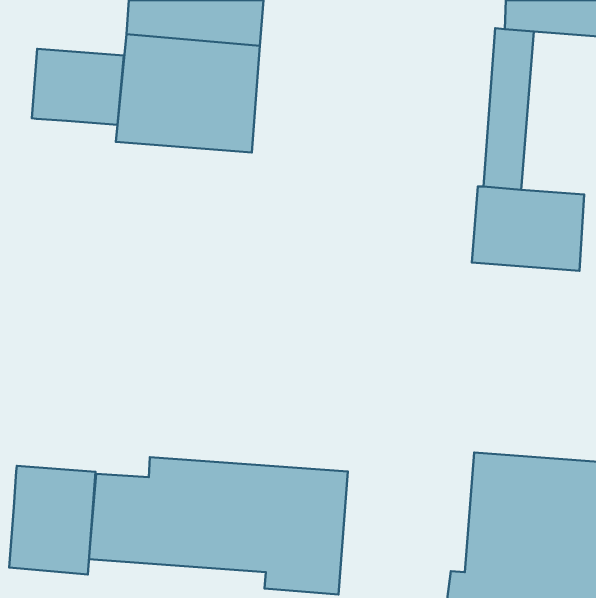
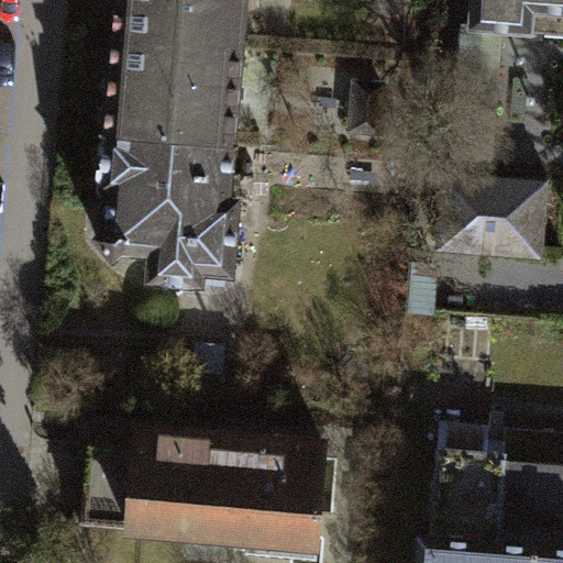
building: [32,49,124,125] -> none
building: none -> [99,134,244,286]
building: [9,466,96,575] -> none

